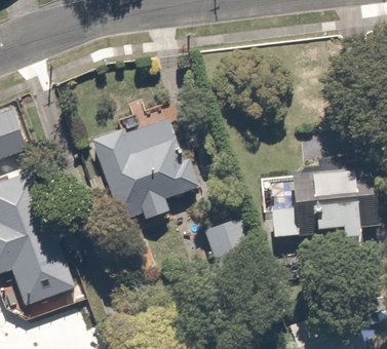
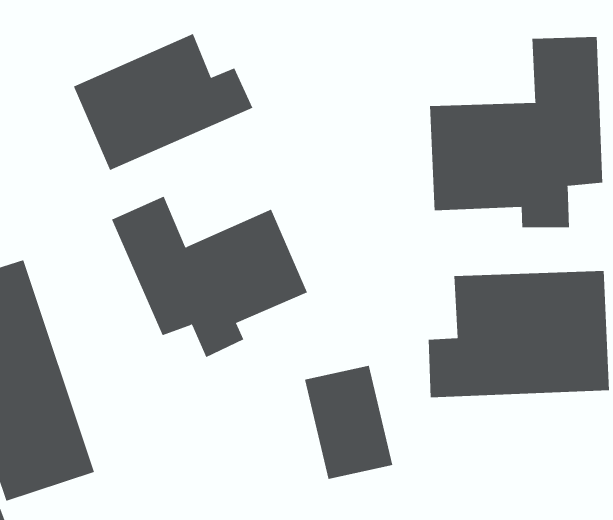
building: none -> [73,33,253,171]
building: none -> [430,36,603,228]

